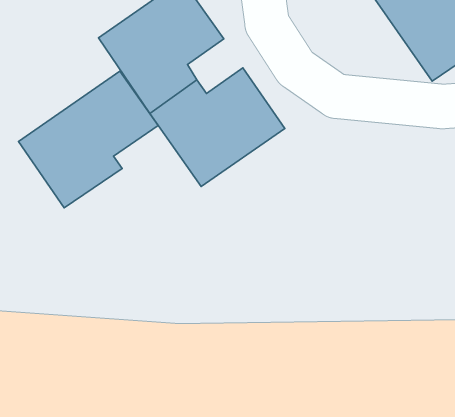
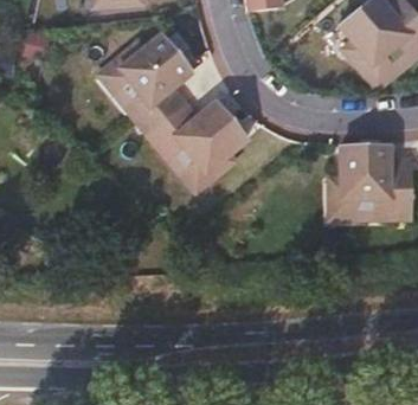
building: [19,71,158,208] -> none
building: none -> [332,142,390,218]

